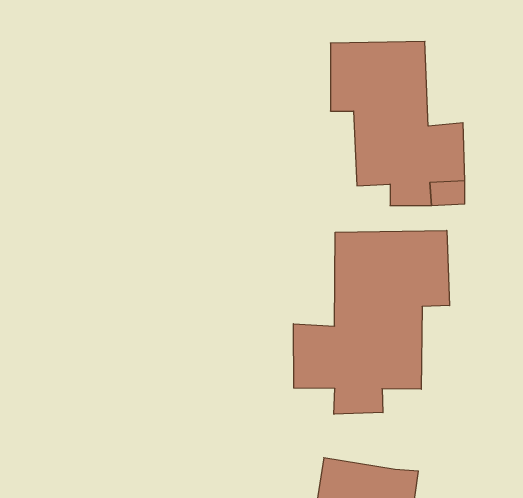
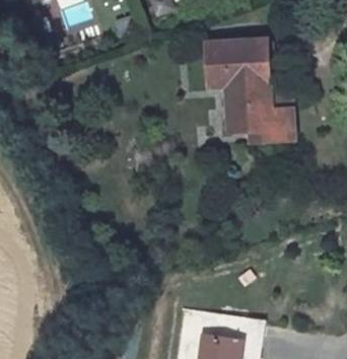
building: [293,230,450,414] -> none

